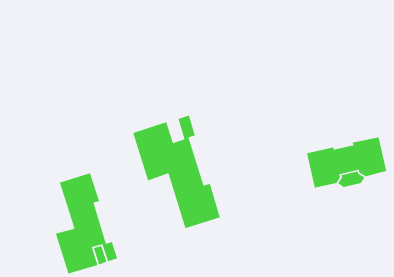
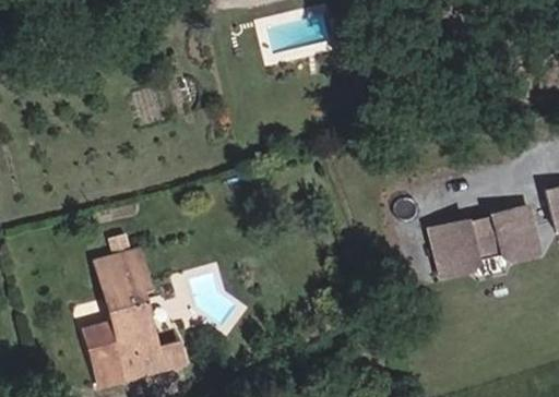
building: [132,115,221,229] -> none

